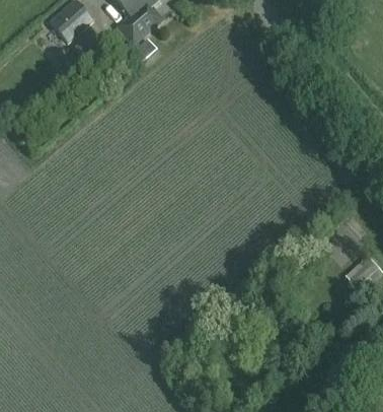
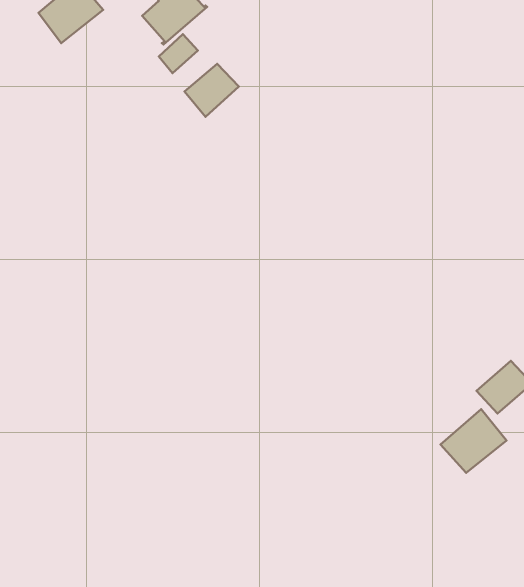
building: none -> [185,64,239,117]
building: none -> [441,409,506,473]

